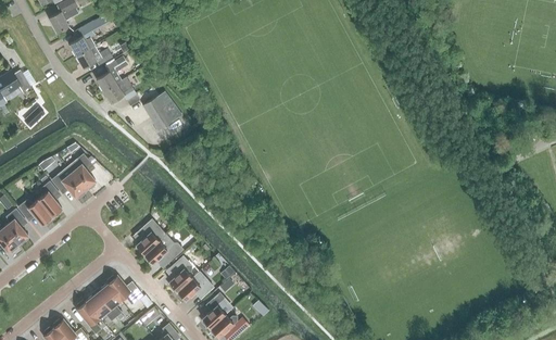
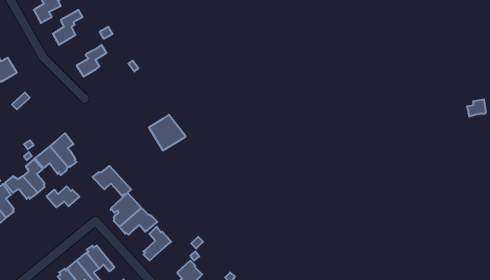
building: [76,46,113,68] -> none
building: [103,80,139,106] -> none
building: [142,91,182,130] -> [149,115,186,150]
building: none -> [93,166,131,196]
building: none -> [47,186,79,207]
building: [175,272,213,301] -> none

